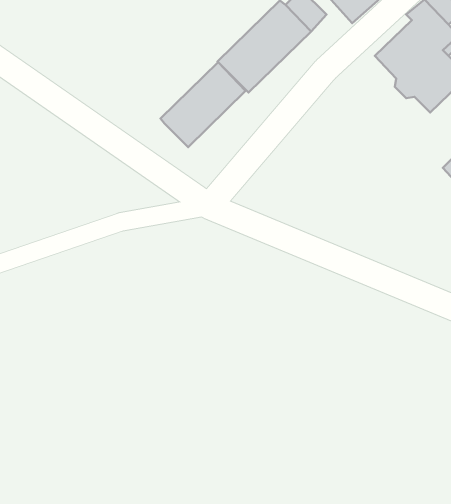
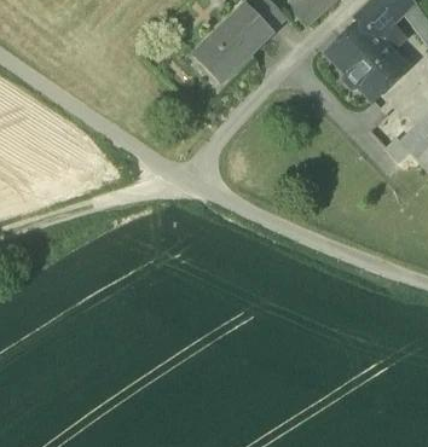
building: [161,62,246,147] -> none

